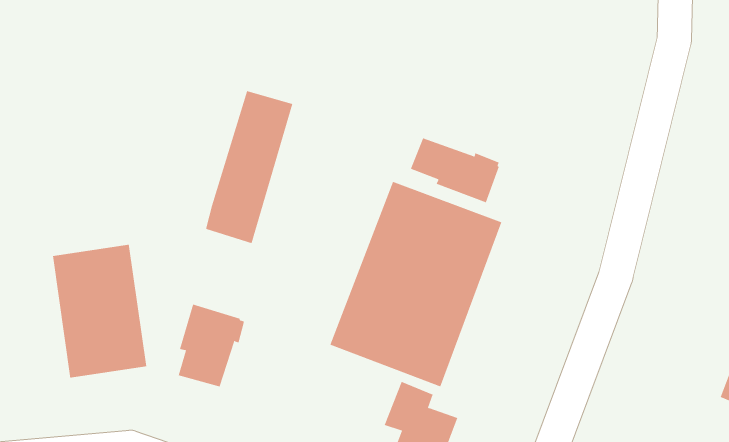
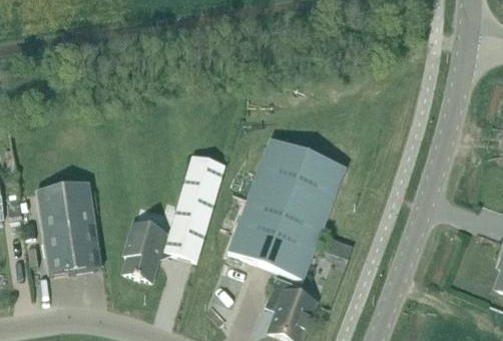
building: [205,91,293,244] -> [165,154,225,260]
building: [410,138,500,203] -> none

